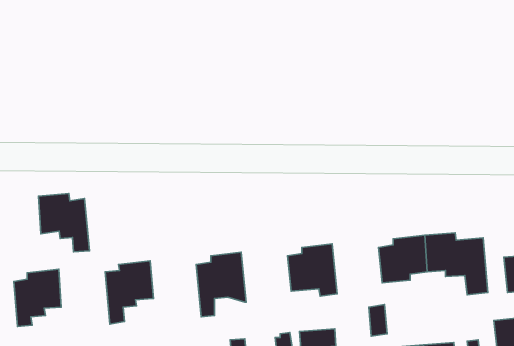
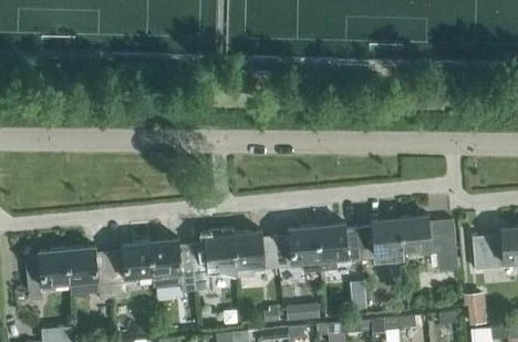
building: [38,194,89,252] -> [68,248,114,301]
building: none -> [317,225,362,272]
building: none -> [234,232,279,280]
building: none -> [151,240,197,294]

